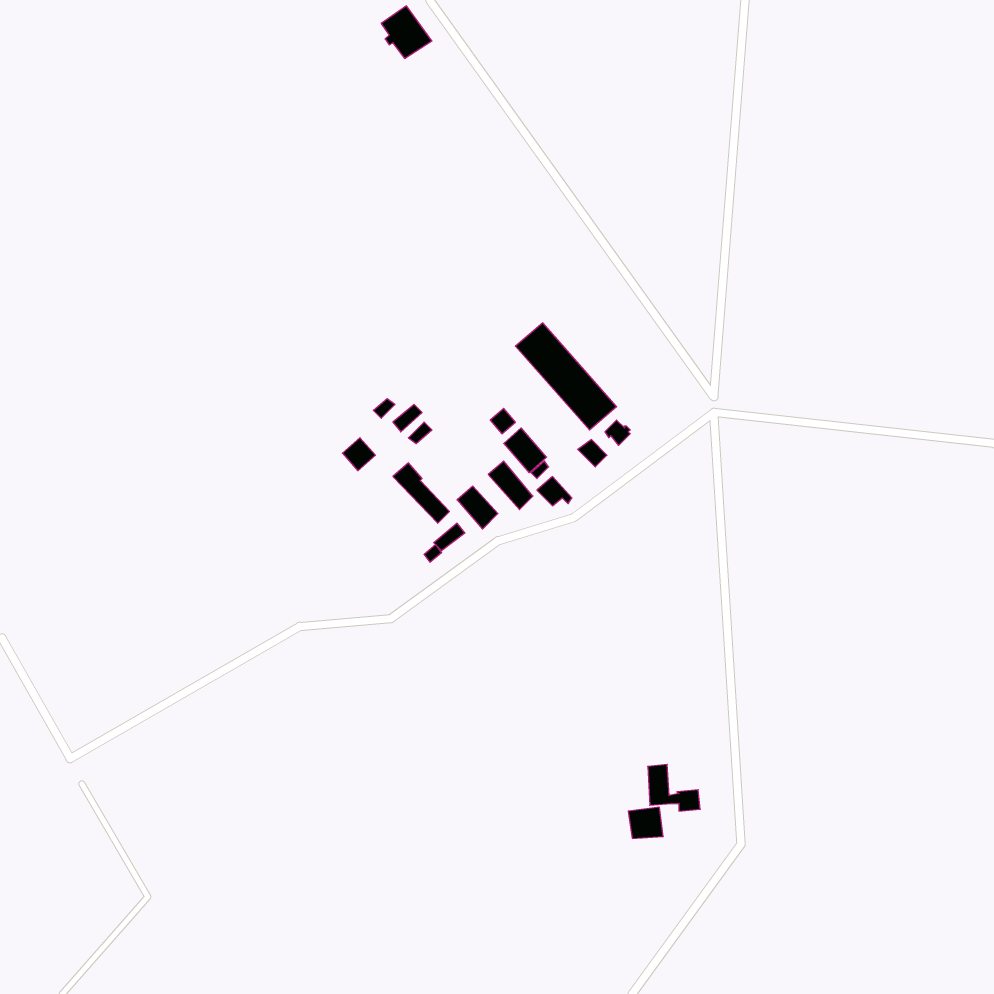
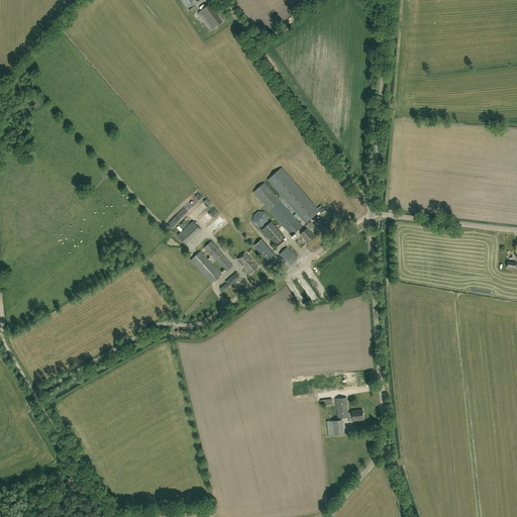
building: none -> [253,182,302,235]
building: none -> [190,250,222,284]

